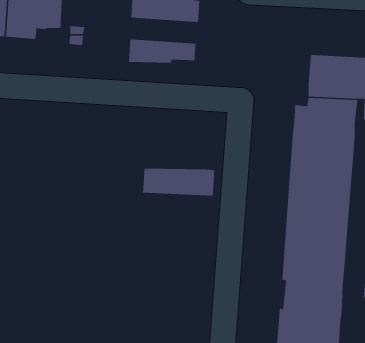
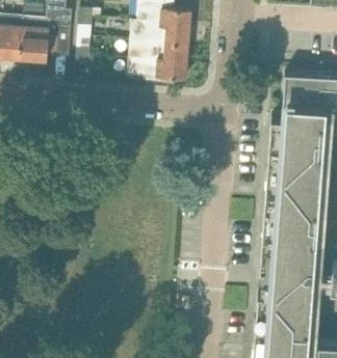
building: none -> [130,45,190,66]
building: [142,168,215,197] -> none

